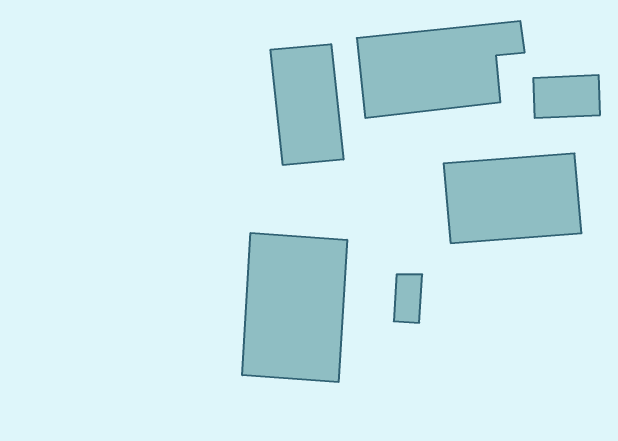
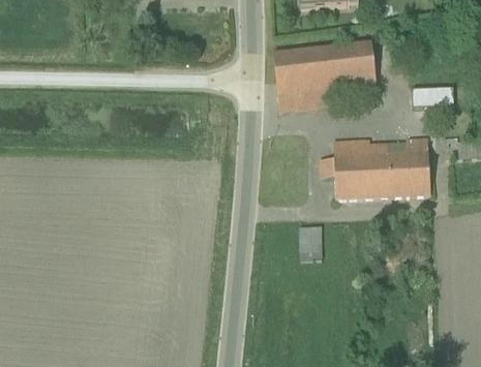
building: [271,44,343,165] -> none
building: [242,233,347,382] -> none

